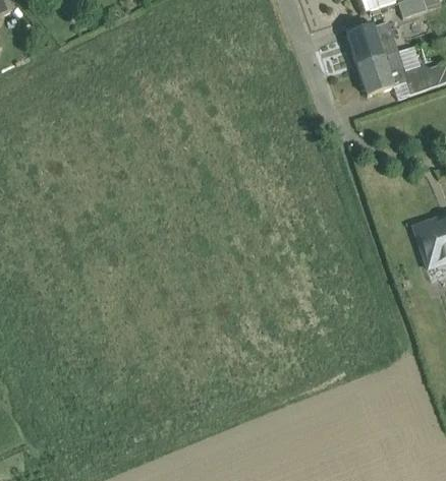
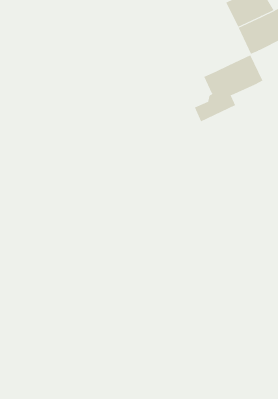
building: none -> [194,55,263,122]

